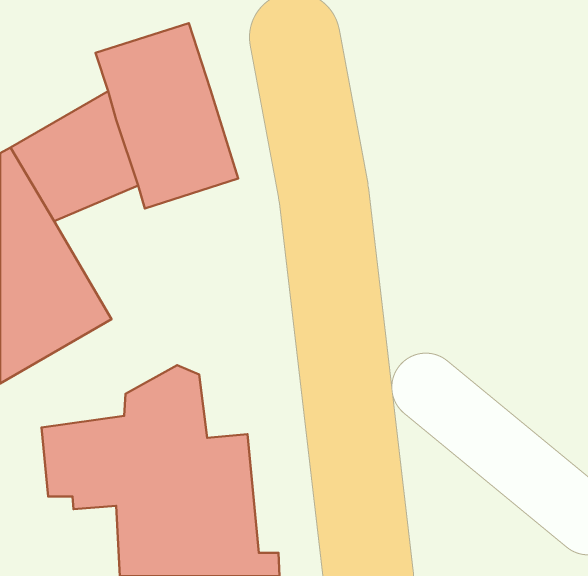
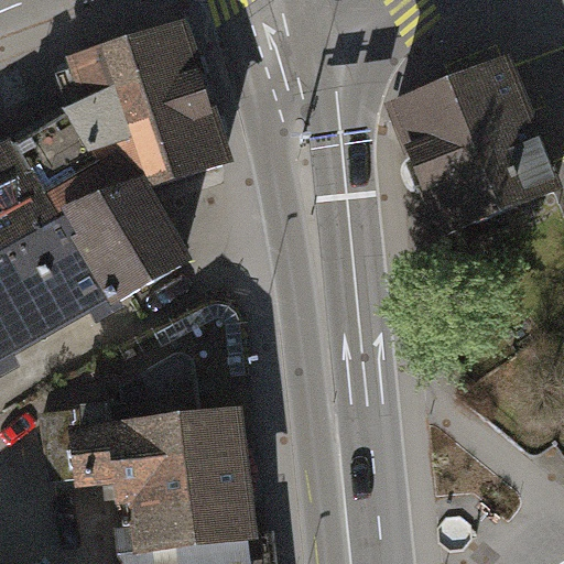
building: none -> [391,56,555,227]
building: none -> [52,177,185,305]

